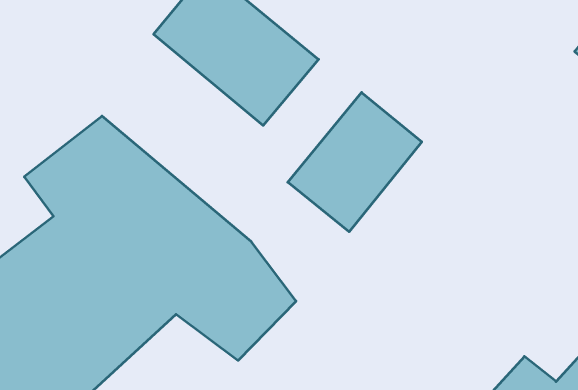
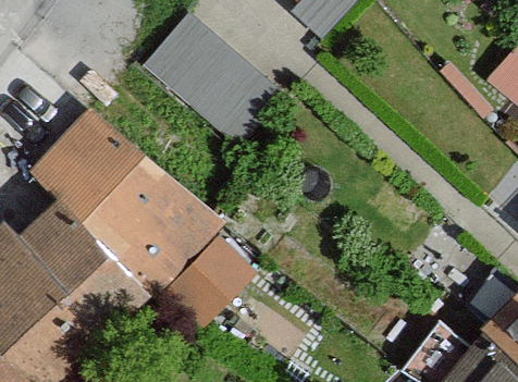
building: [288,92,422,232] -> none

